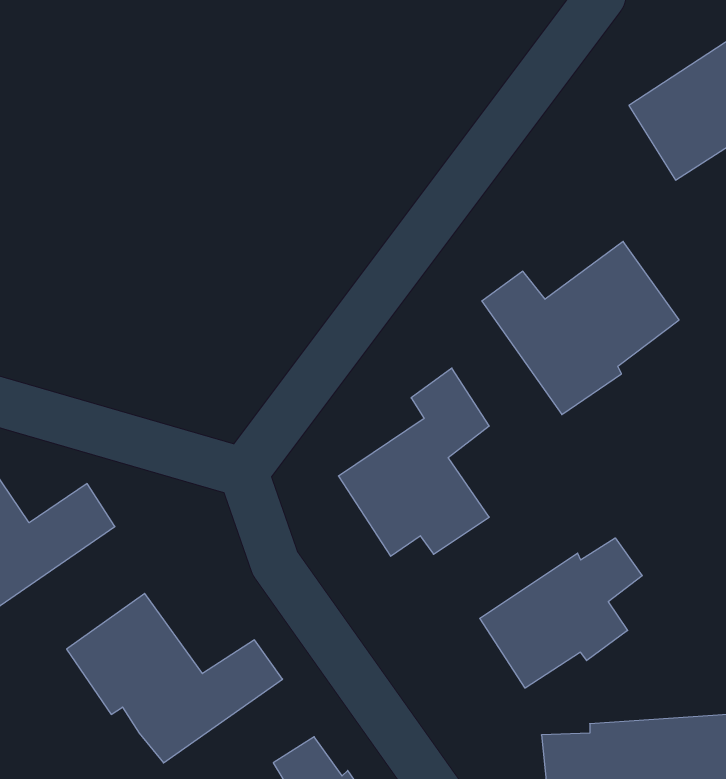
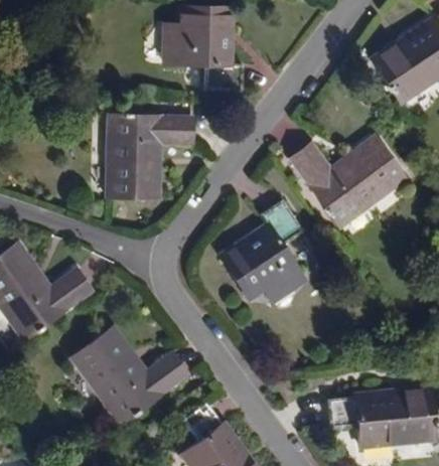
building: none -> [167,9,244,92]
building: none -> [109,119,193,200]
building: [480,538,642,688] -> none

